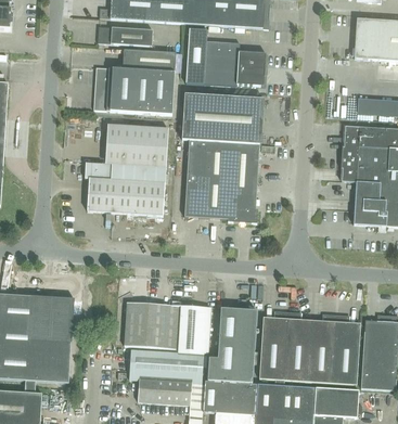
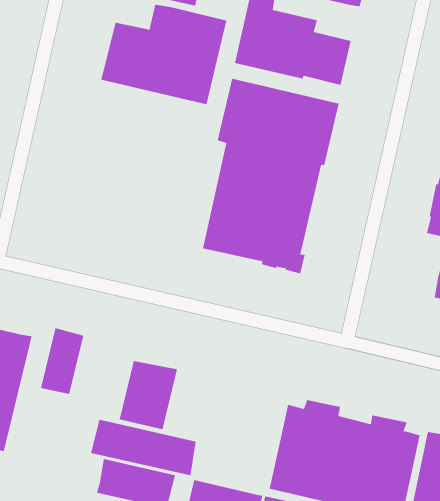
building: [85,124,168,215] -> none
building: [124,300,149,346] -> [40,327,84,395]
building: [178,304,211,351] -> none
building: [205,307,257,383] -> none

